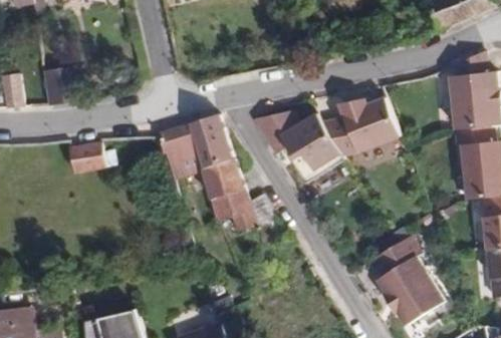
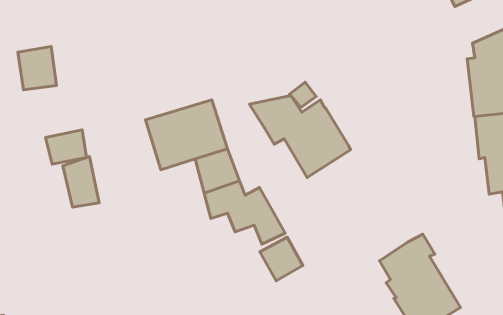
building: [322,96,400,154] -> none
building: none -> [63,157,99,207]
building: none -> [260,237,303,281]

